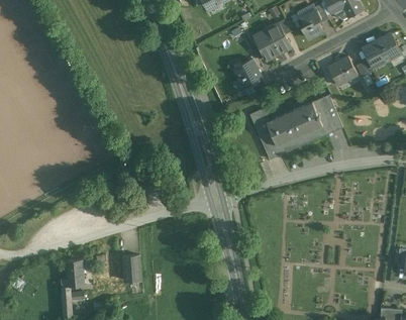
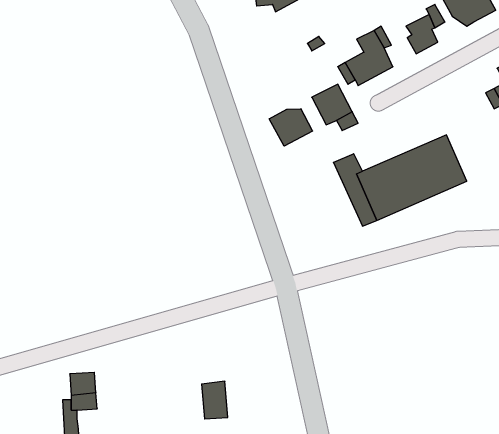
building: [326,57,357,86] -> none
building: none -> [269,109,313,146]
building: [122,254,140,281] -> [202,381,228,419]

